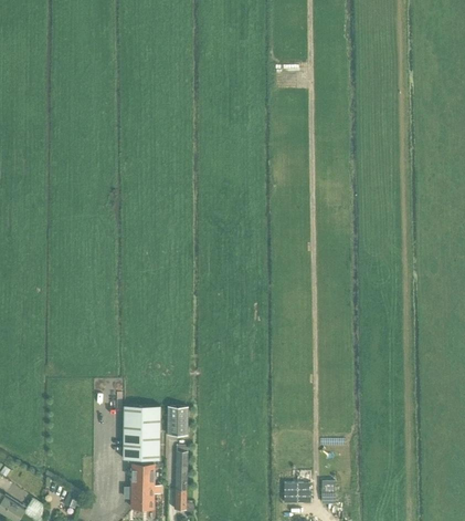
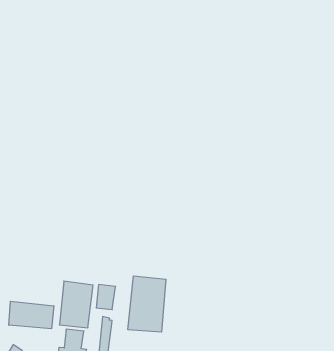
building: none -> [128,276,166,332]
building: none -> [9,301,54,329]

